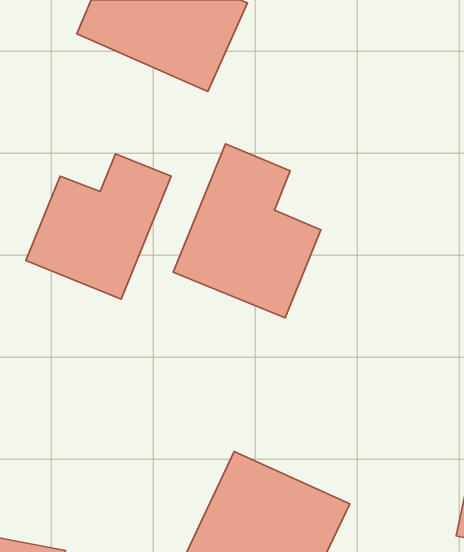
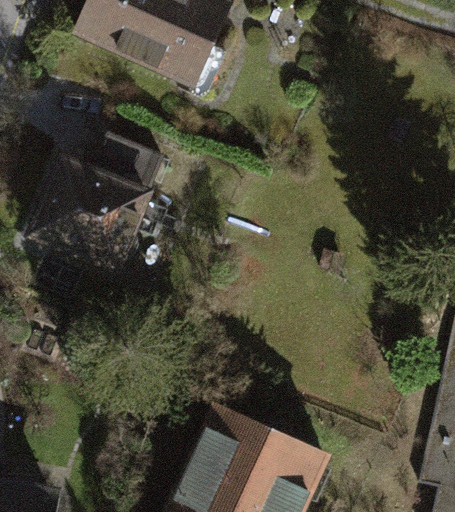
building: [173,144,321,318] -> none

